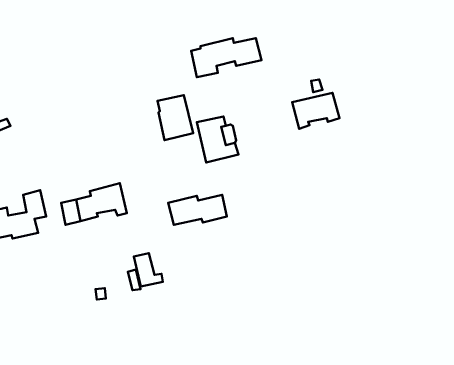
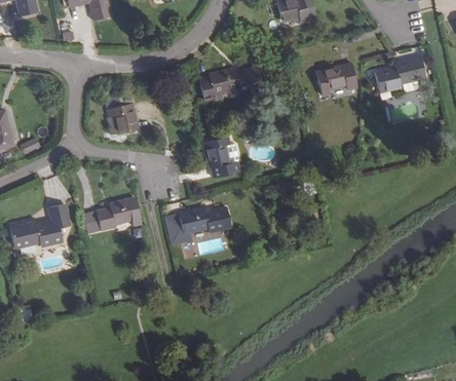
building: none -> [375,56,425,91]
building: [292,93,339,129] -> [315,63,357,94]
building: [157,95,193,140] -> [106,94,138,135]
building: [134,253,163,286] -> [165,214,191,243]

